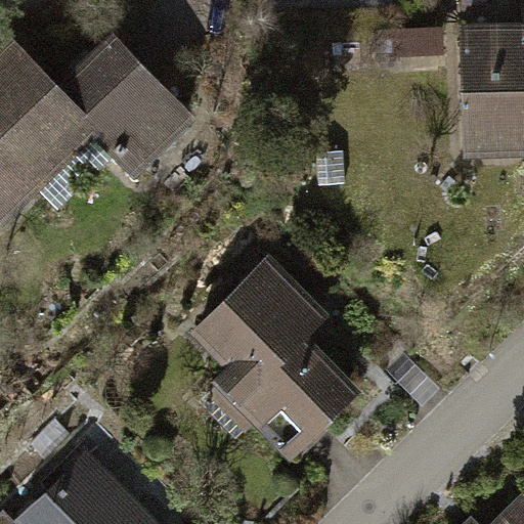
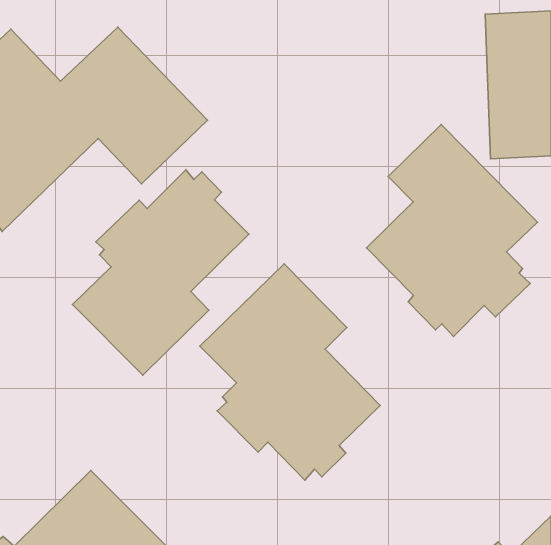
building: none -> [367,124,538,336]
building: none -> [72,170,249,375]

